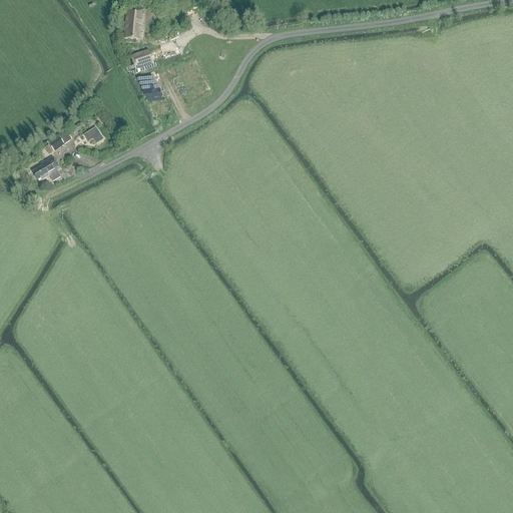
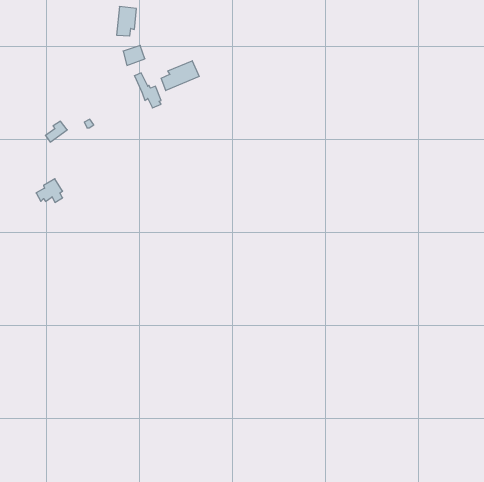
building: none -> [161,61,199,91]
building: [32,155,60,180] -> [36,179,63,202]

